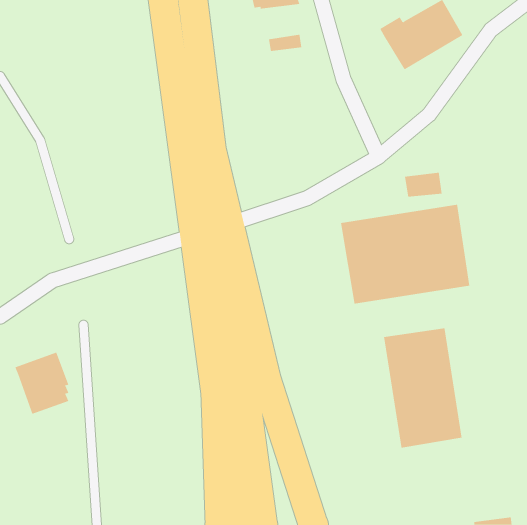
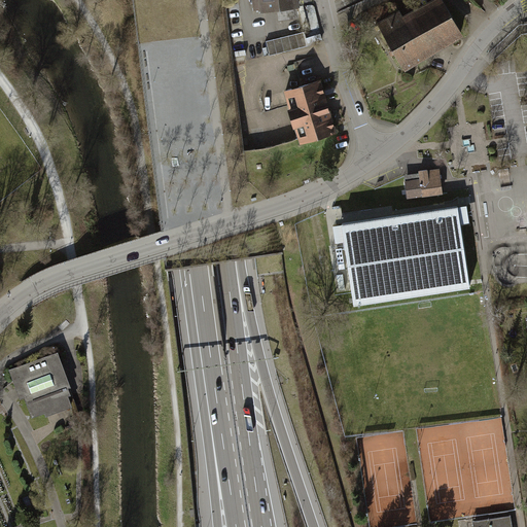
building: none -> [283,81,335,145]
building: [383,327,462,448] -> none

